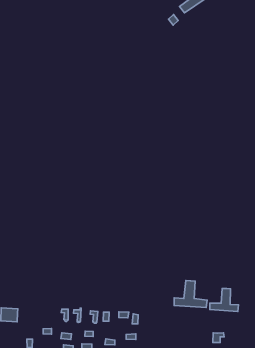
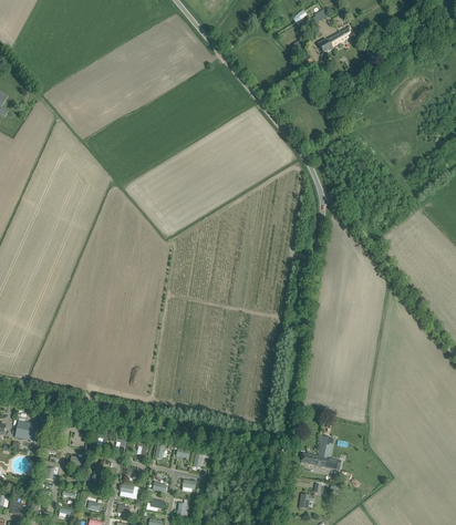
building: [174,280,207,308] -> none

